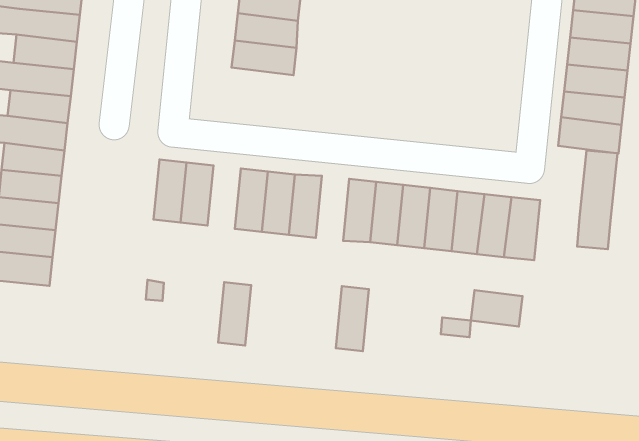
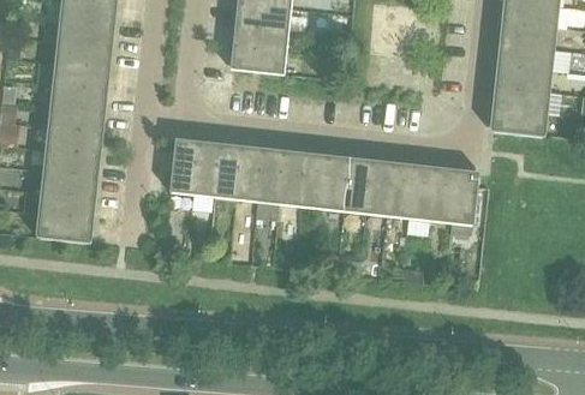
building: [577,150,617,249] -> none
building: [218,282,251,345] -> [214,145,240,196]
building: [336,286,369,351] -> [300,154,327,205]
building: [471,290,522,327] -> none

